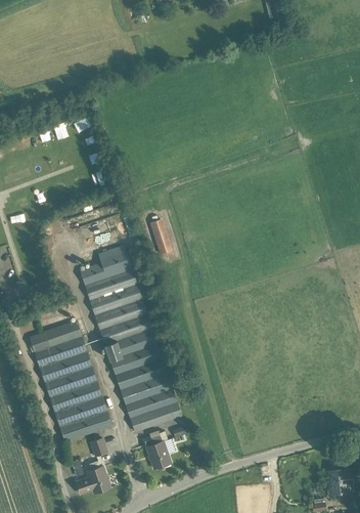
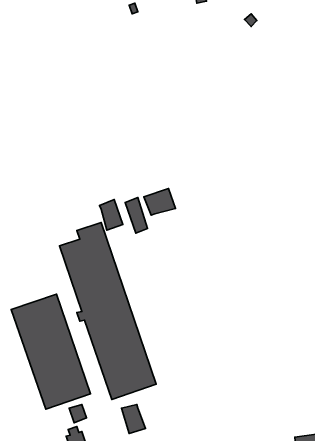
building: none -> [144,189,176,215]
building: none -> [100,200,123,230]

